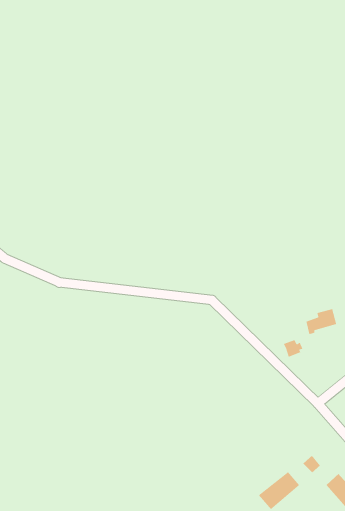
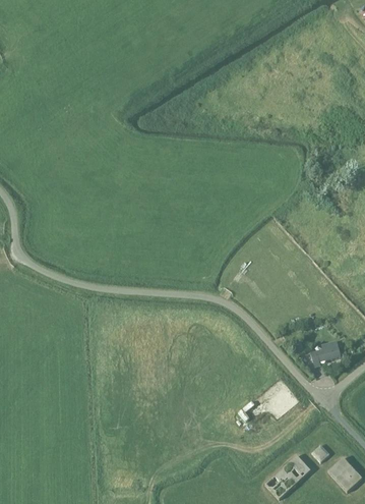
building: [305,308,337,335] -> [311,339,341,365]

